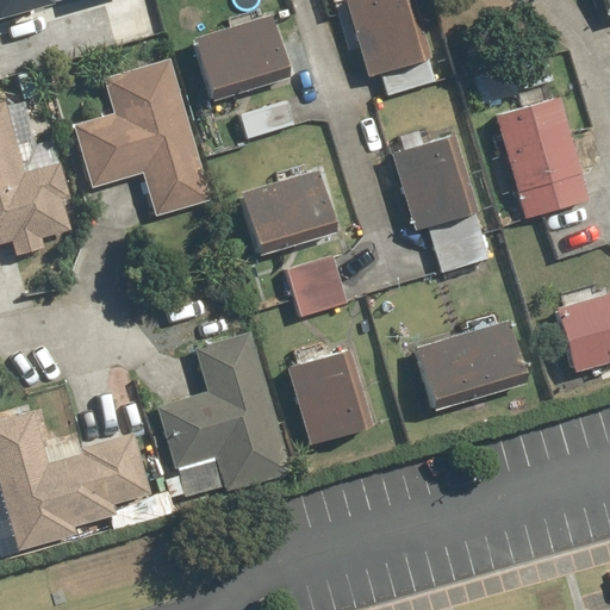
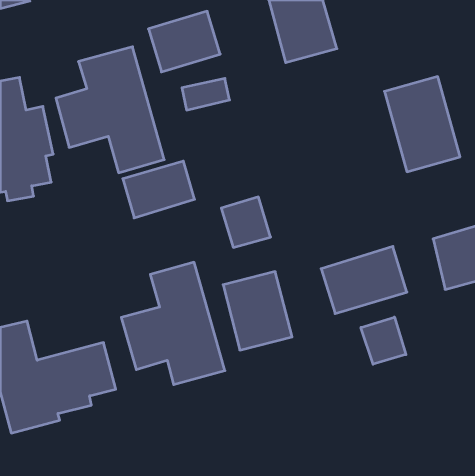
building: [393,133,491,278] -> none
building: [241,170,332,243] -> [123,161,195,218]
building: none -> [361,317,406,364]

